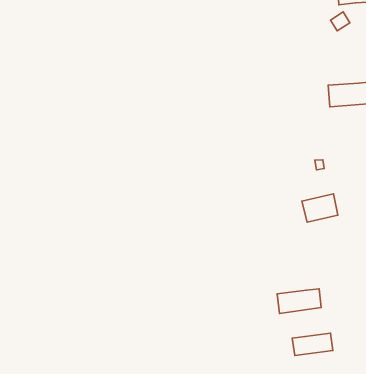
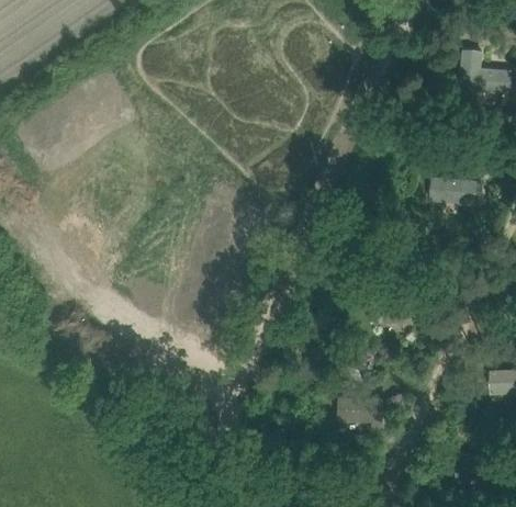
building: [292,333,333,356] -> none

